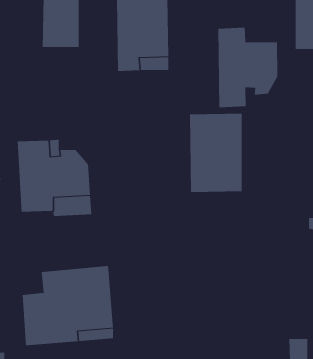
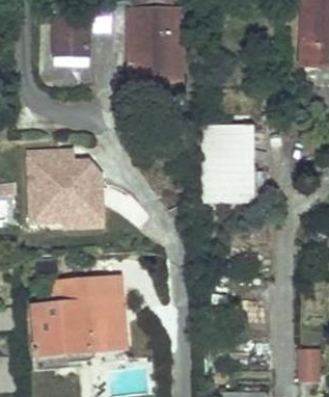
building: [218,27,278,108] -> none

